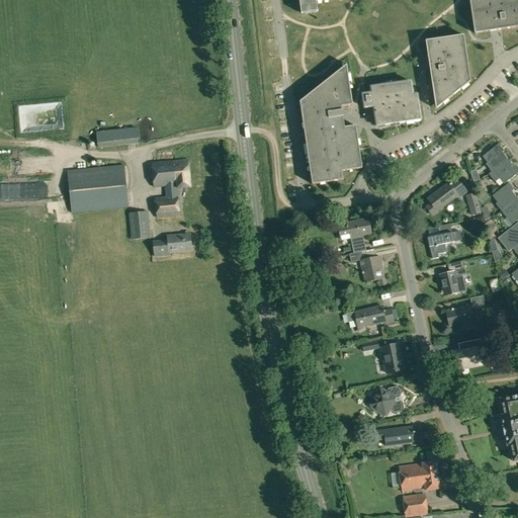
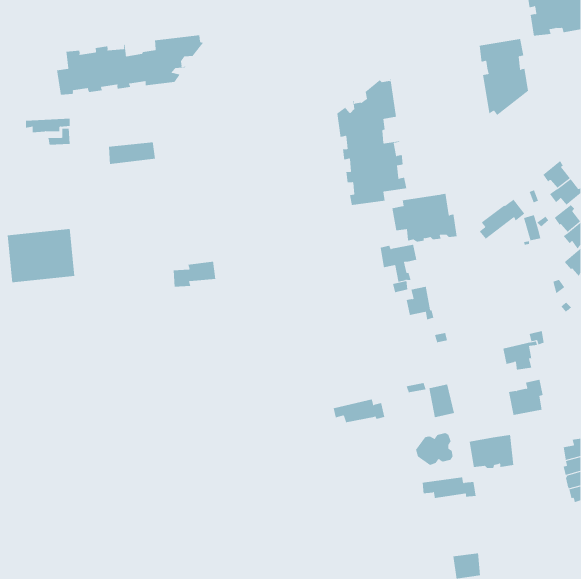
building: none -> [57,34,204,96]
building: [362,81,421,125] -> [392,193,457,243]
building: [152,158,191,218] -> none
building: [68,164,128,212] -> [7,228,75,283]
building: [128,210,151,239] -> none
building: [429,223,461,257] -> none
building: [440,260,467,294] -> none
building: [347,305,394,326] -> [333,399,385,423]
building: [399,460,439,491] -> [469,435,514,469]

